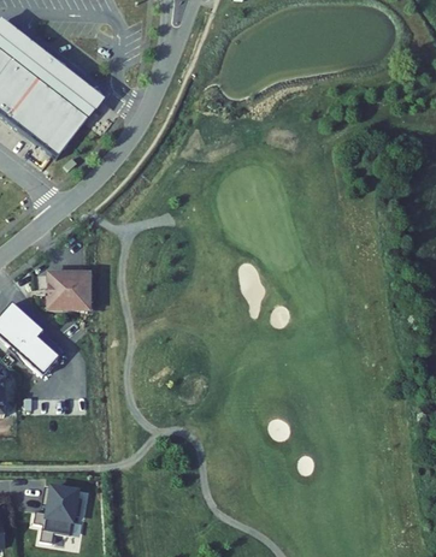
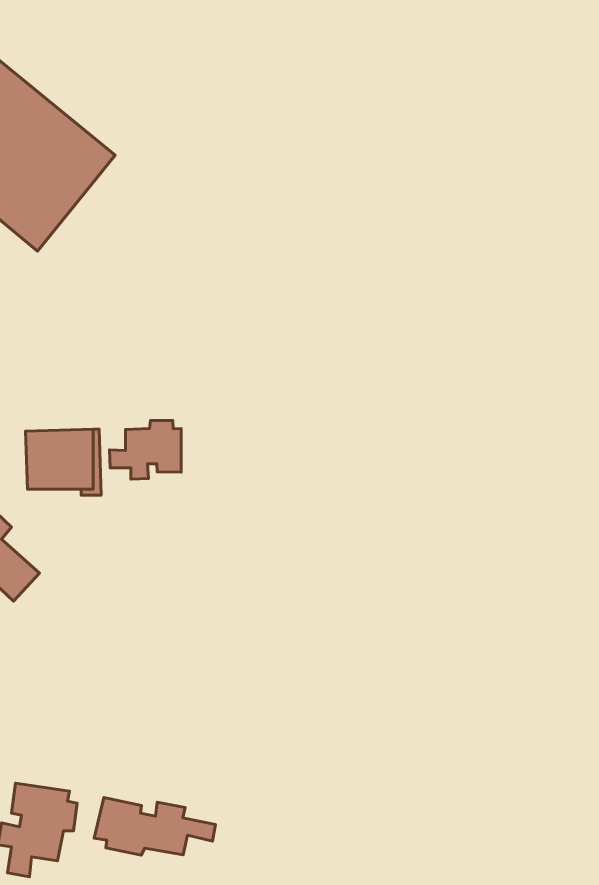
building: none -> [110,420,181,479]
building: none -> [94,798,216,855]

